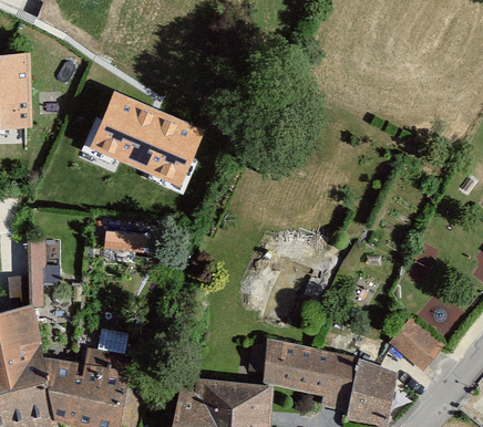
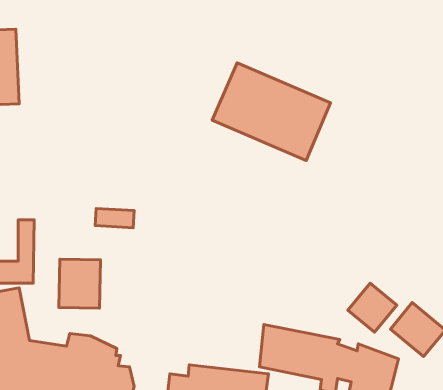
building: [89,92,203,186] -> [212,63,330,160]
building: none -> [59,259,101,308]
building: none -> [348,283,397,332]

